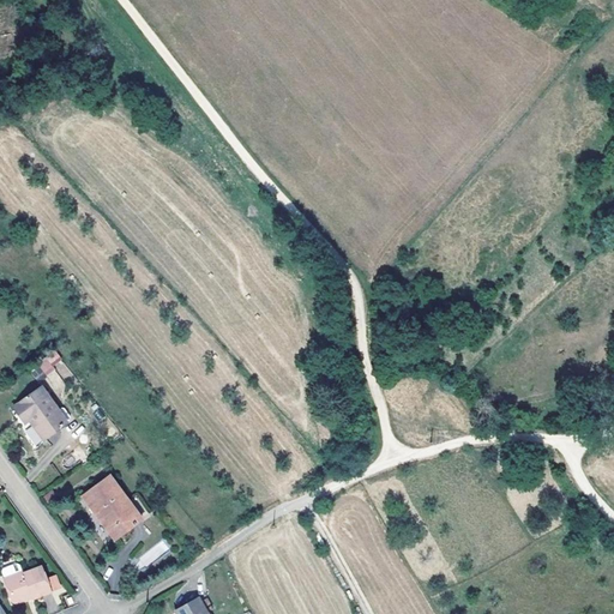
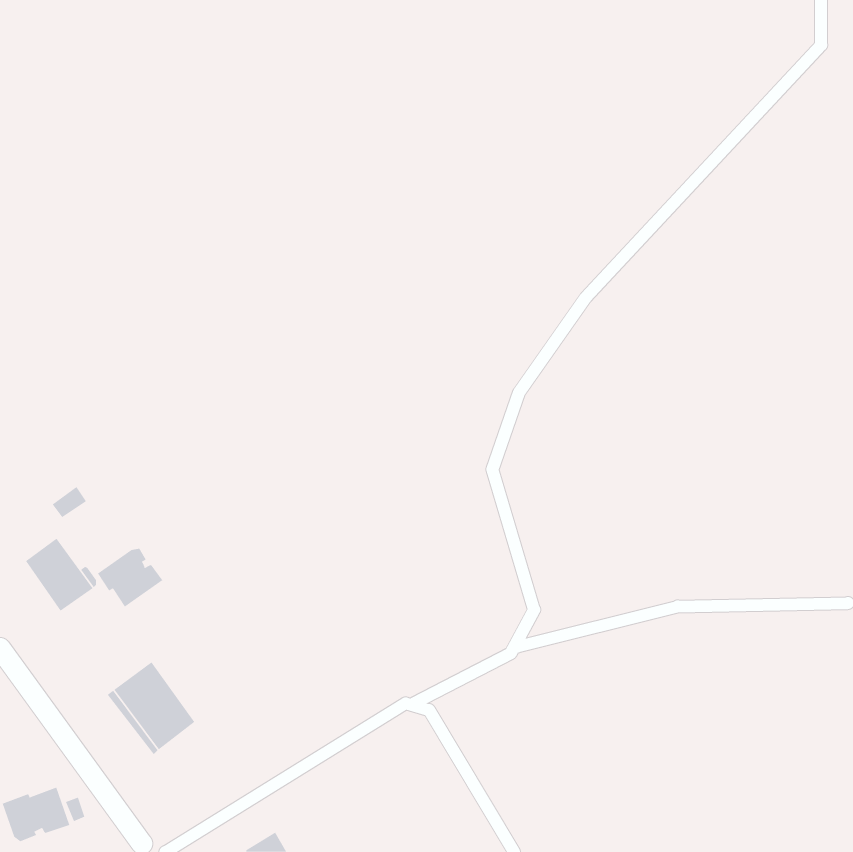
building: none -> [97,548,163,608]

